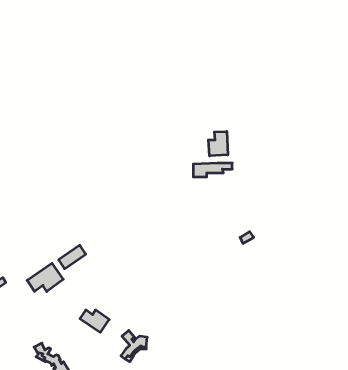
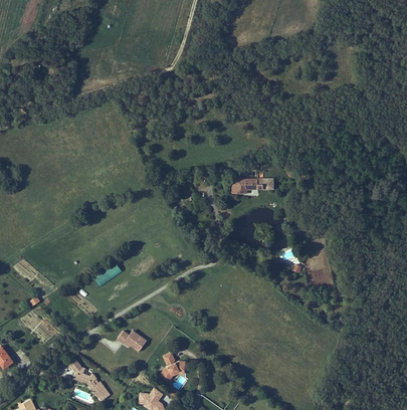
building: [208,131,228,156] -> none
building: [27,263,63,292] -> none

